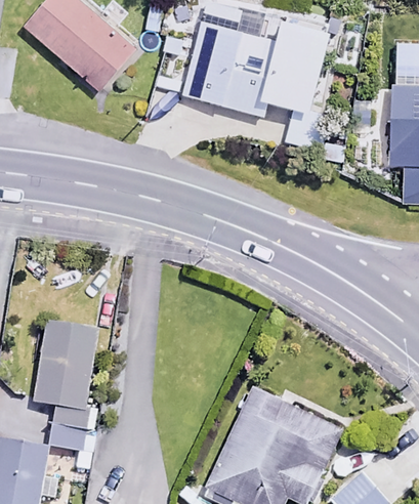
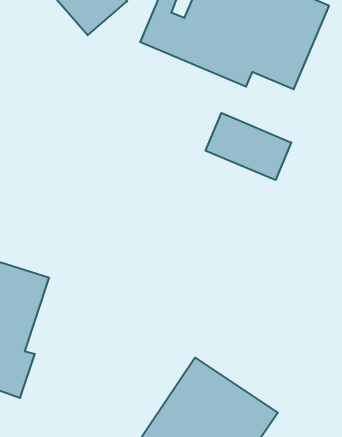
building: none -> [206,113,291,180]

